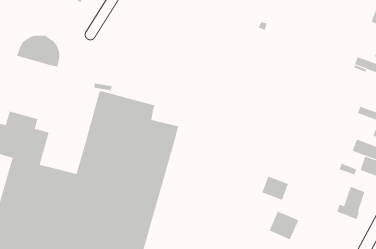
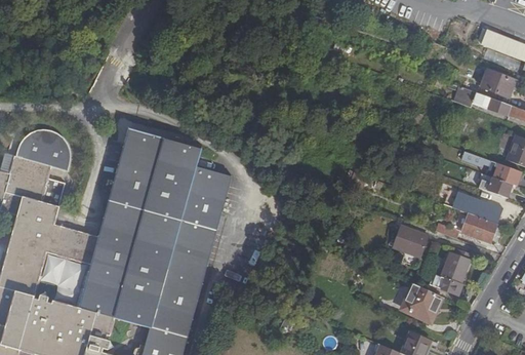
building: [16,35,60,67] -> [13,129,70,170]
building: [262,176,289,201] -> [392,226,427,258]
building: [269,210,299,240] -> [401,284,440,322]

